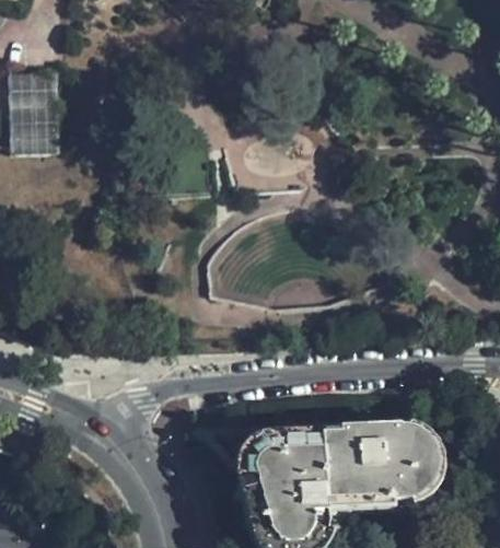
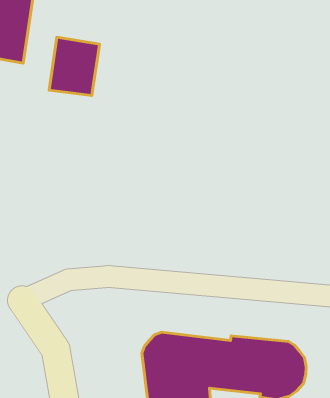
building: none -> [49,37,99,96]

